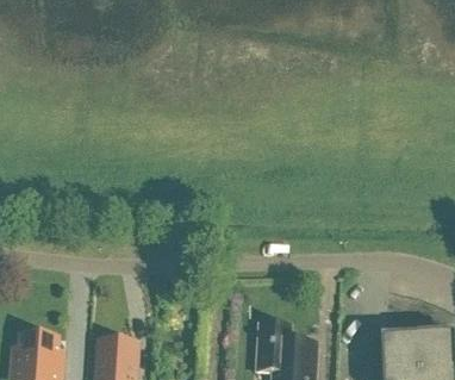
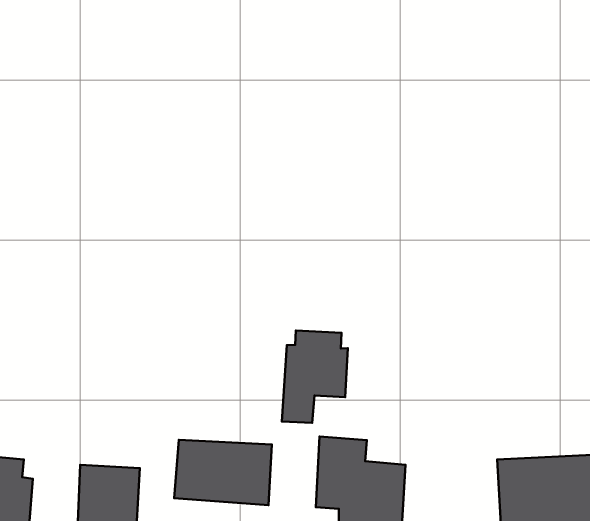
building: none -> [282,330,348,423]
building: none -> [174,440,272,505]

